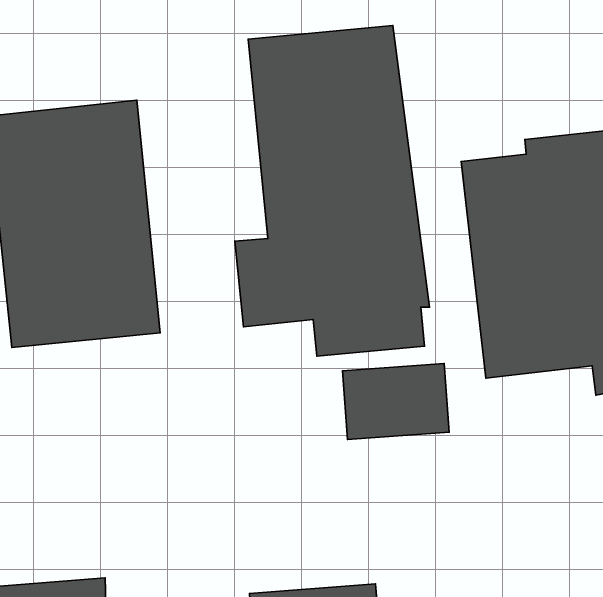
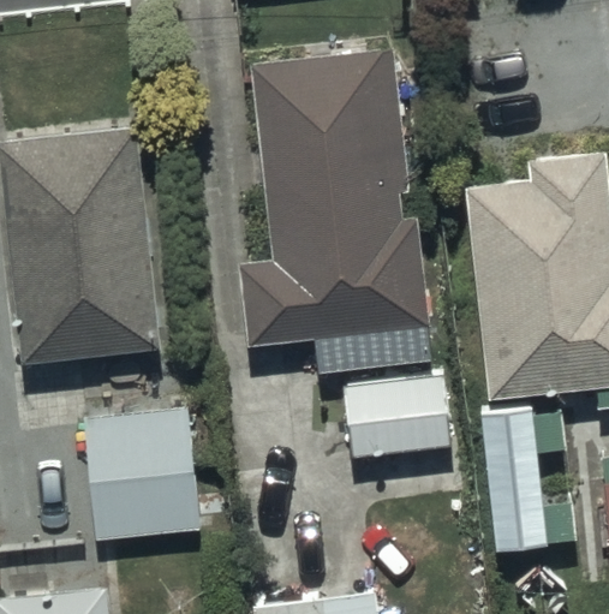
building: none -> [479,407,574,549]
building: none -> [85,412,204,544]

